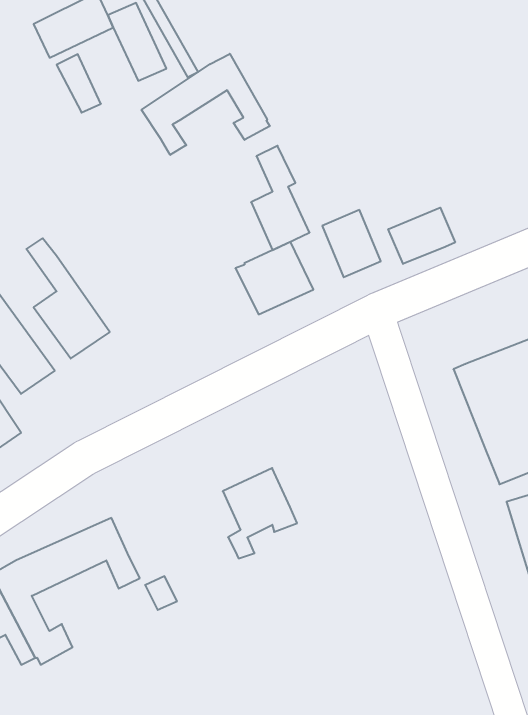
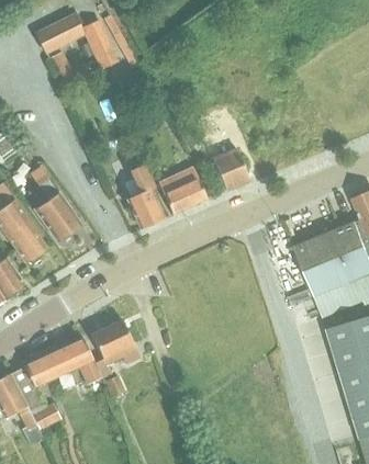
building: [142,54,270,155] -> none
building: [251,146,310,250] -> [126,162,163,227]
building: [388,208,455,264] -> none
building: [223,468,297,558] -> [89,319,135,375]

